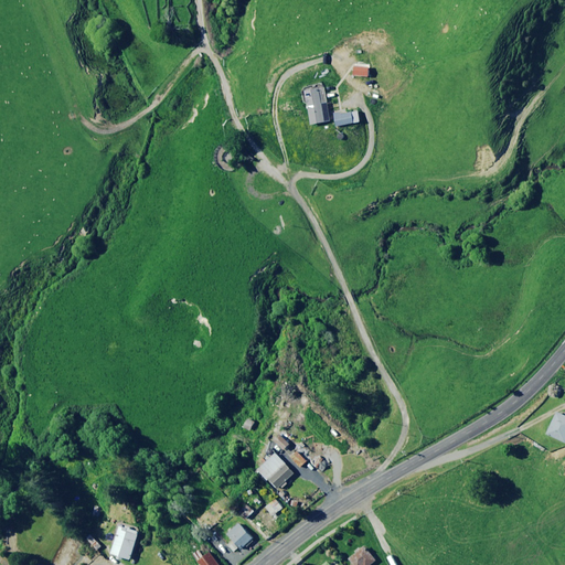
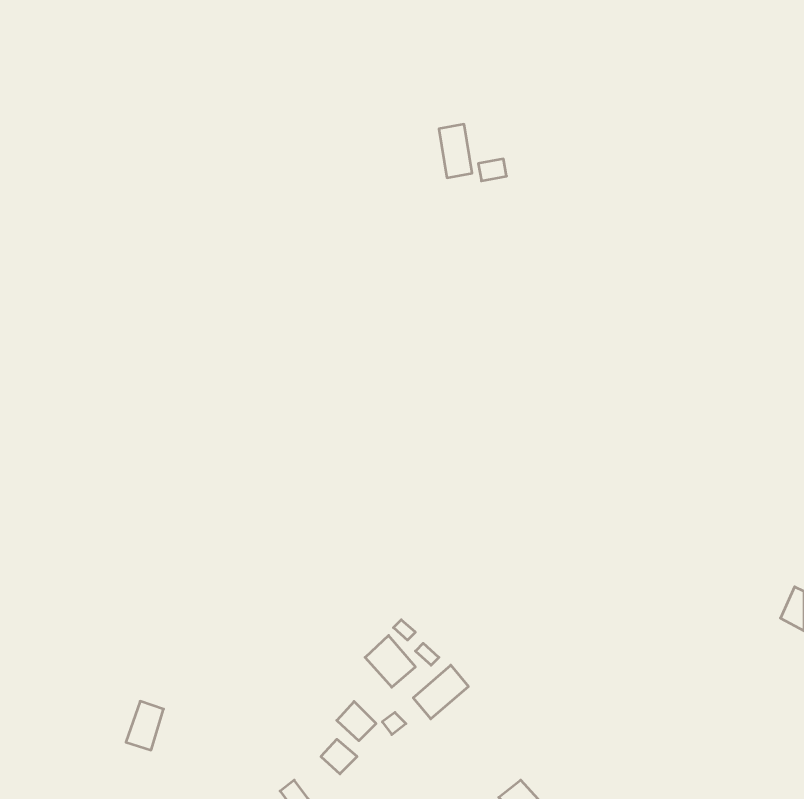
building: none -> [413,665,468,719]
building: [108,524,135,558] -> [126,701,164,750]

